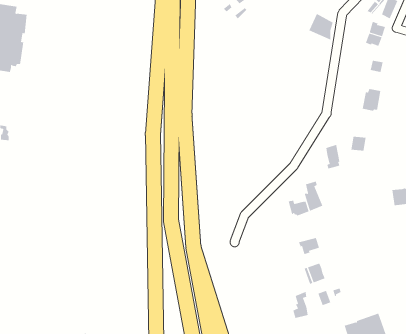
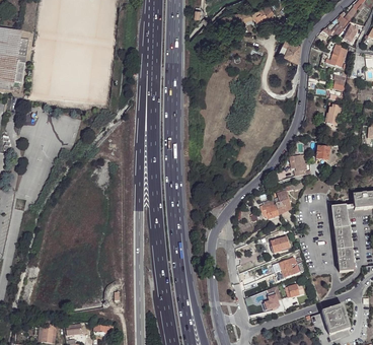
building: none -> [331,205,354,271]

